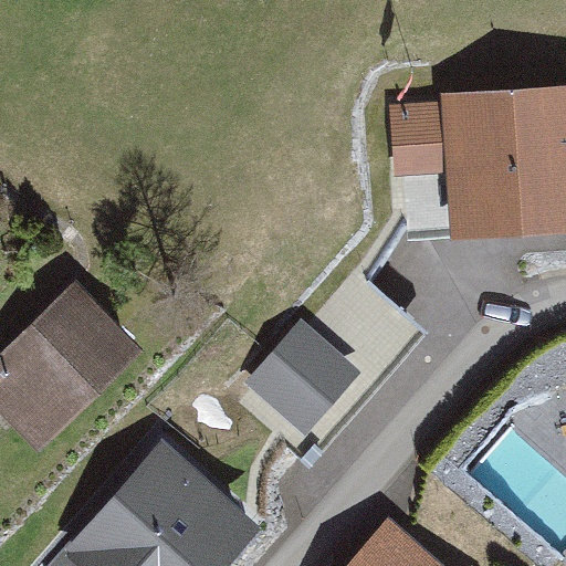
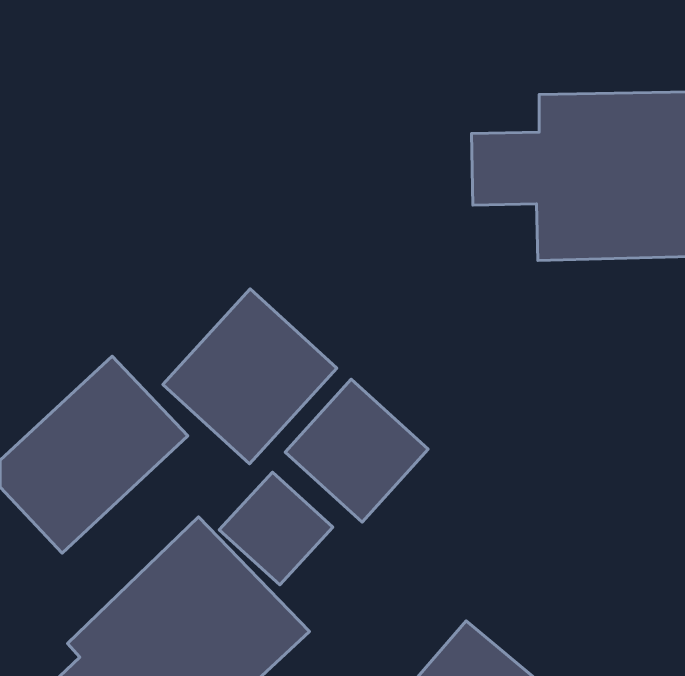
building: none -> [163,289,337,464]
building: none -> [219,472,333,585]

